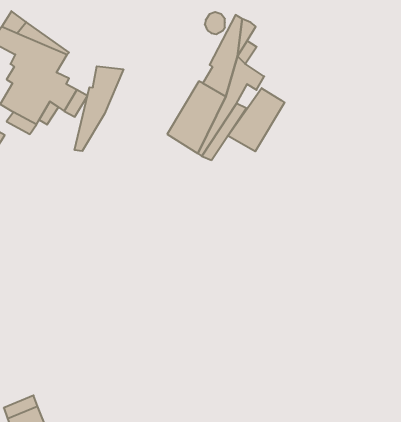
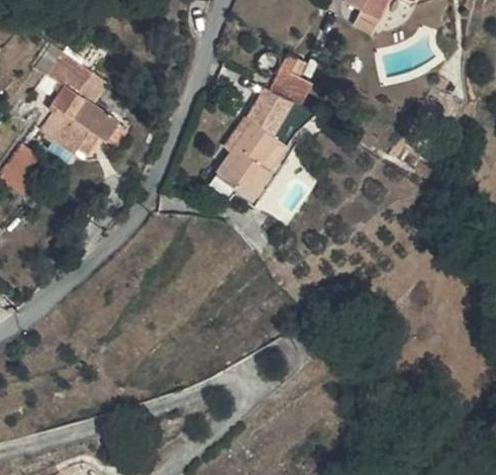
building: [75,66,123,151] -> none
building: [228,88,285,151] -> none

